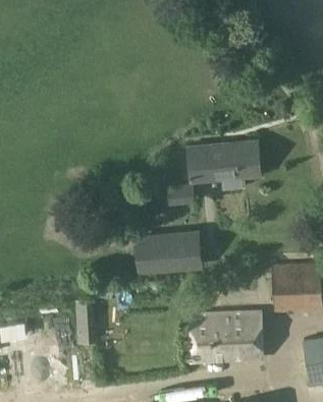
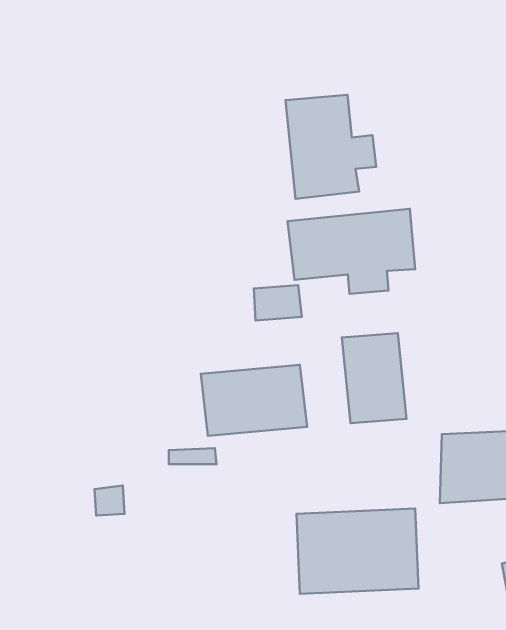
building: none -> [286,95,376,199]
building: none -> [342,333,406,423]

